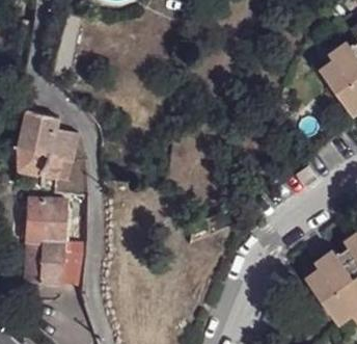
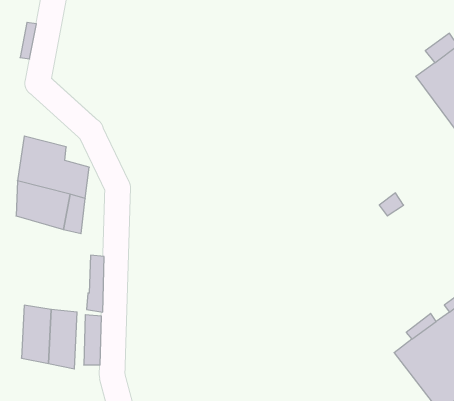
building: [23,204,66,247] -> none

